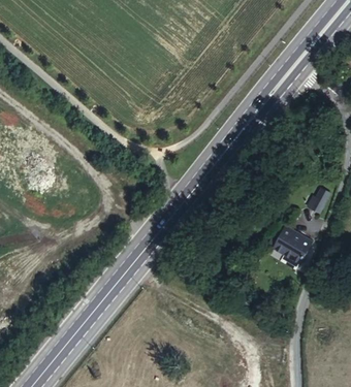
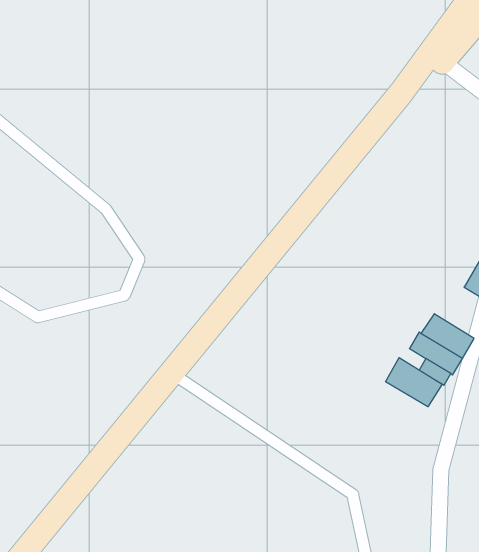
building: none -> [386,358,442,407]

